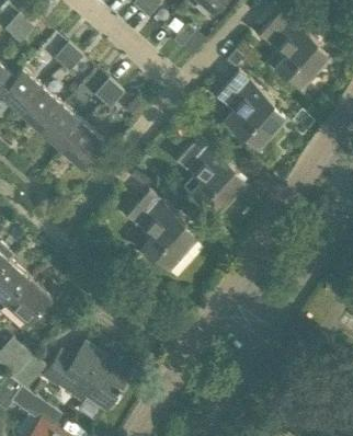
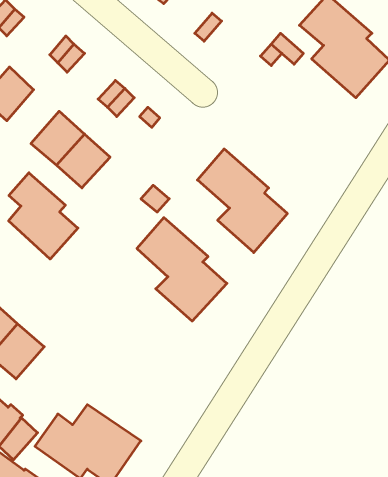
building: [214,69,288,156] -> none
building: [19,87,61,130] -> none
building: none -> [9,173,78,259]

